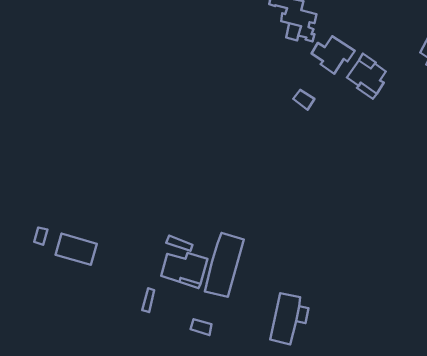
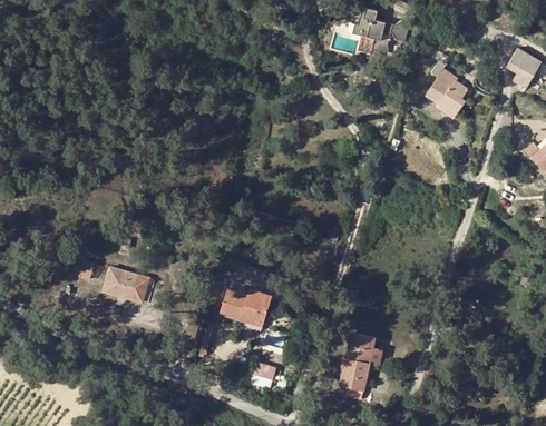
building: [312,36,355,74] -> none
building: [205,233,244,297] -> none

